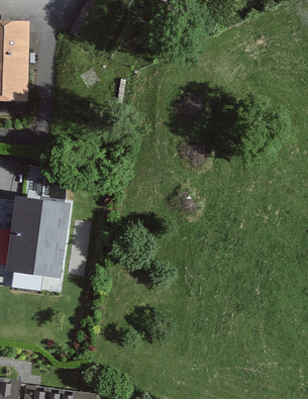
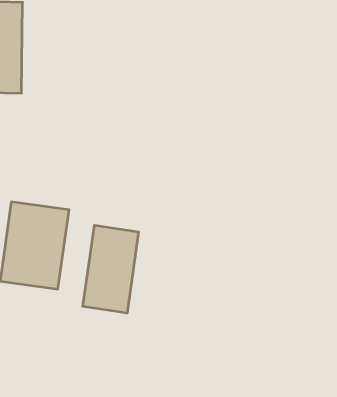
building: none -> [83,225,139,313]

